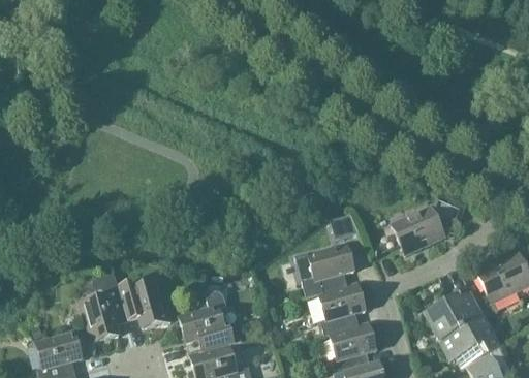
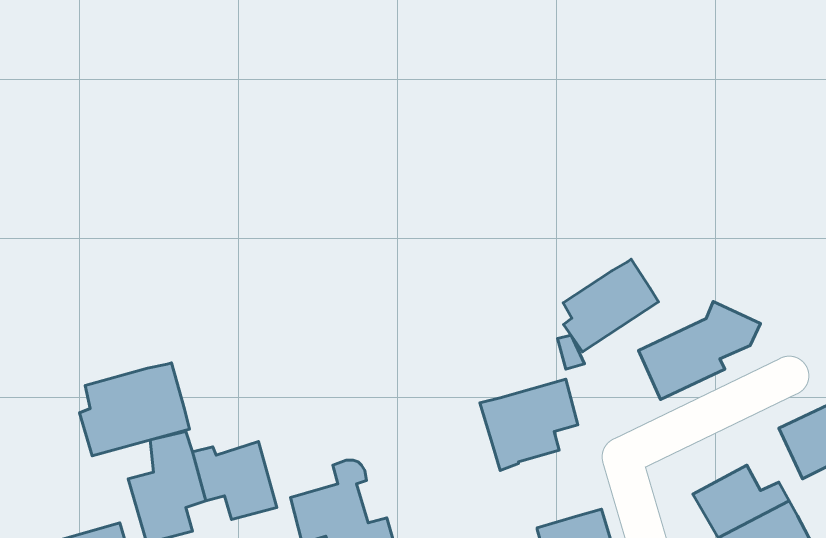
building: none -> [563,259,659,352]
building: none -> [79,363,189,456]
building: [318,282,366,335] -> none

